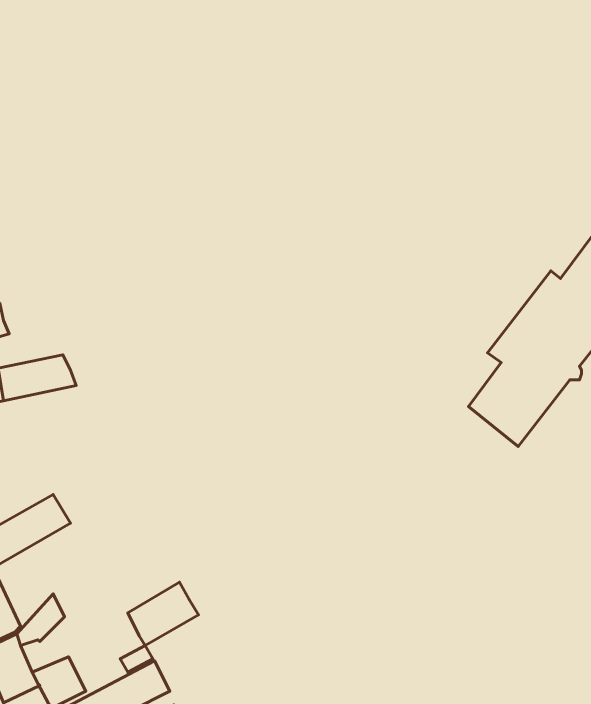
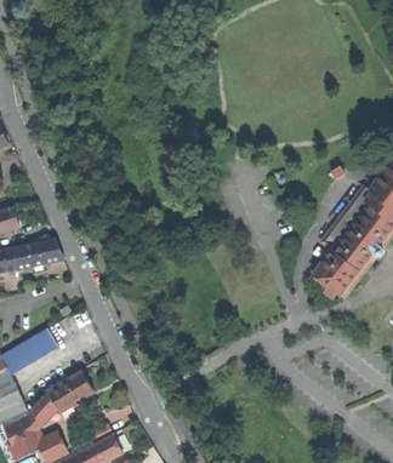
building: [128,582,199,645] -> [49,372,93,412]

